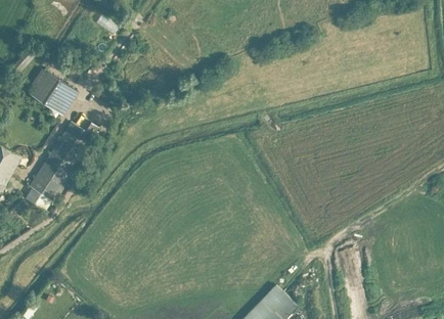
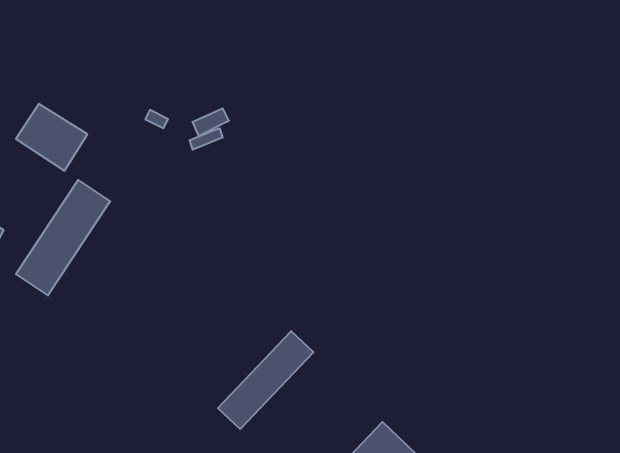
building: none -> [218,331,313,429]

